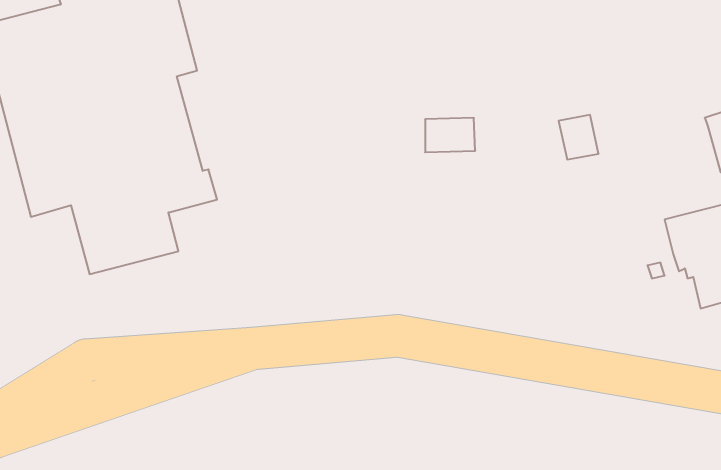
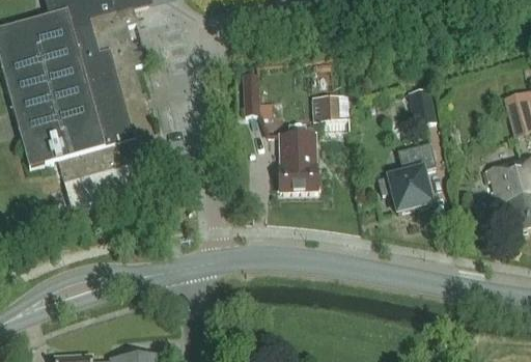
building: none -> [243,74,273,117]
building: none -> [279,124,319,191]
building: none -> [379,142,436,212]

